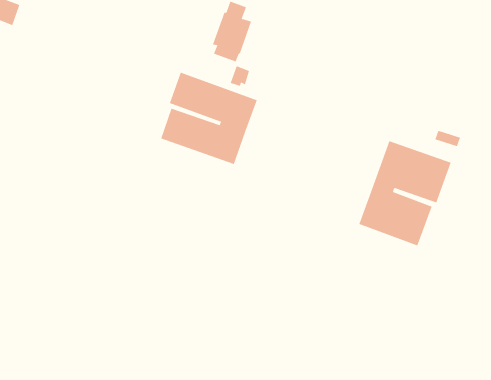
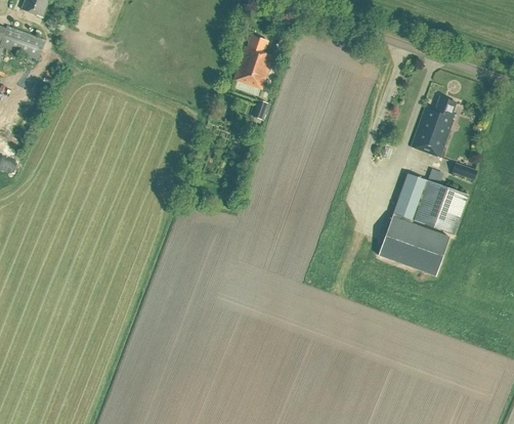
building: none -> [411,95,456,156]
building: [161,72,257,165] -> none

